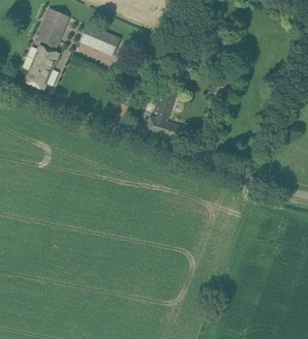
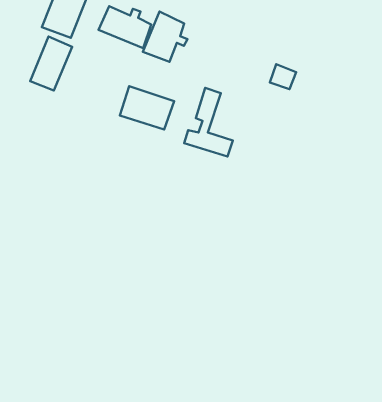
building: none -> [143,12,187,62]
building: none -> [120,86,174,130]

